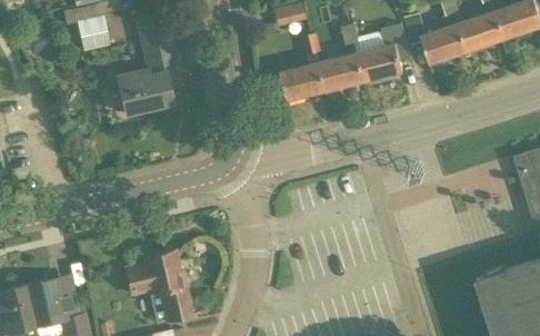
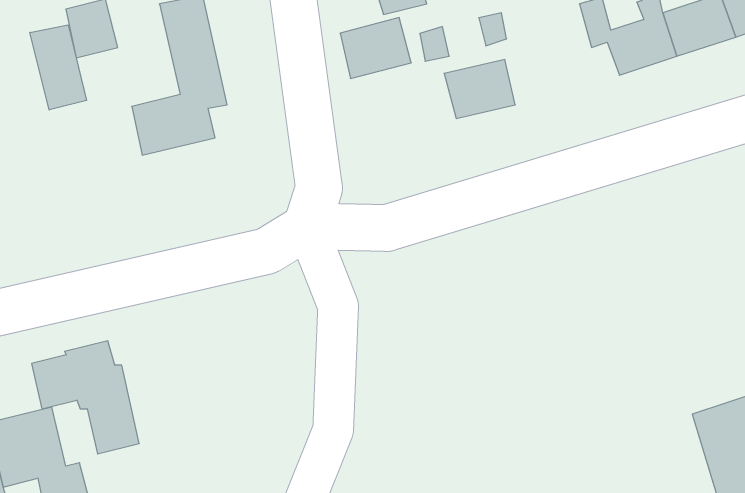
building: [357,23,408,82] -> none
building: none -> [30,25,87,110]
building: [280,62,326,101] -> [340,18,411,78]
building: [123,251,192,324] -> [32,341,139,454]

